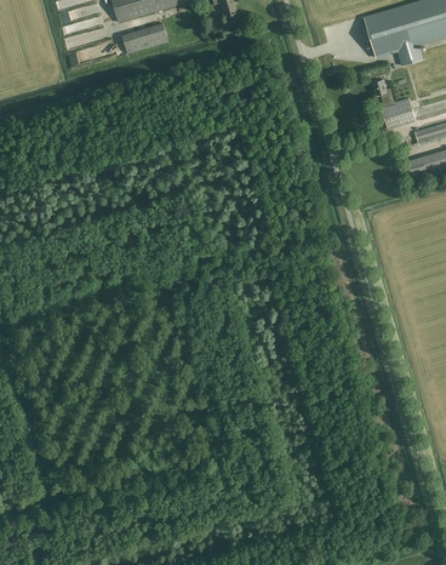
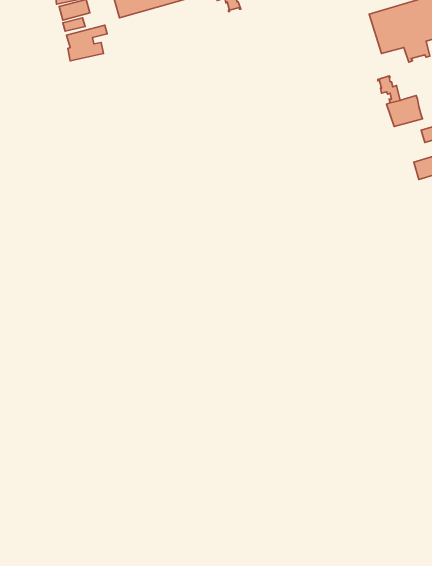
building: [121,22,167,52] -> none

